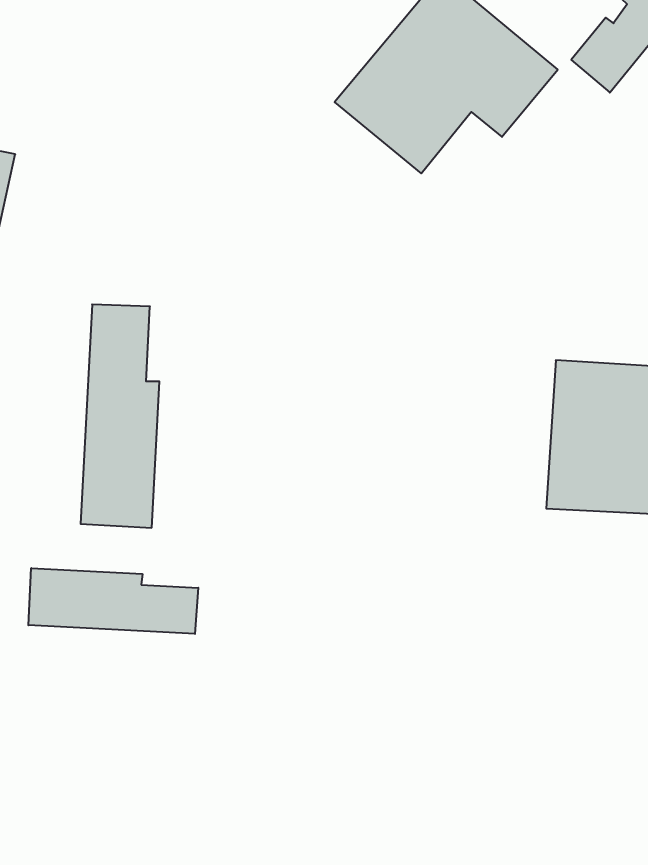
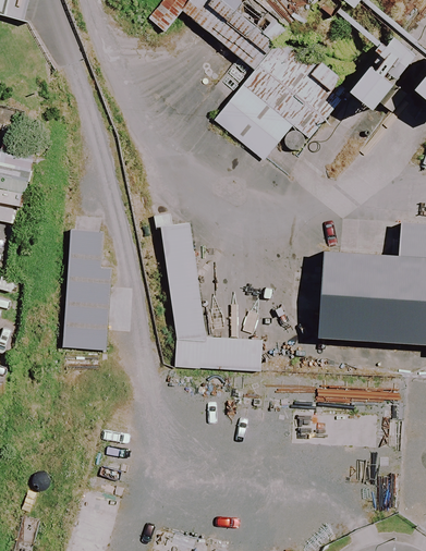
building: none -> [157,221,259,368]
building: [28,568,198,634] -> none

